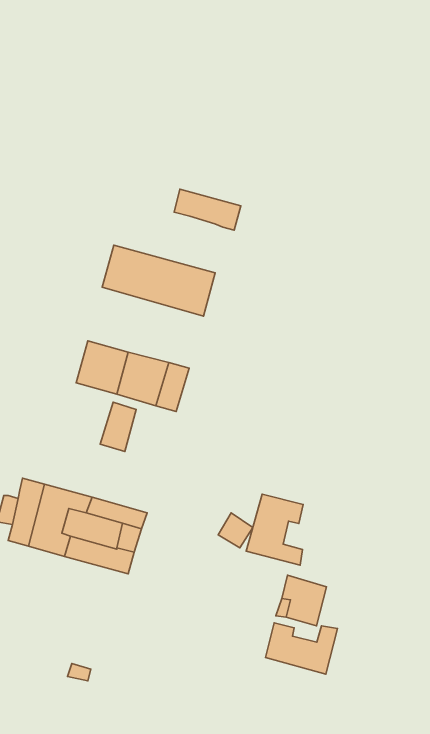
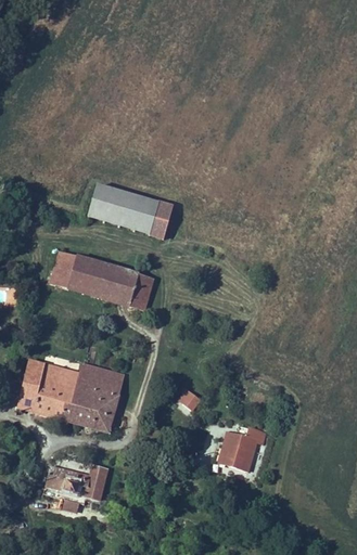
building: [174,189,241,230] -> none
building: [100,402,136,452] -> [51,250,78,287]
building: [246,494,303,565] -> none
building: none -> [46,465,107,499]
building: [265,623,338,674] -> none

